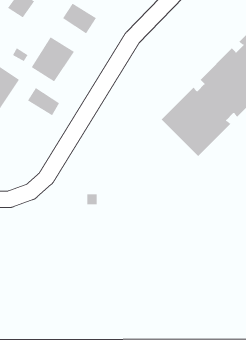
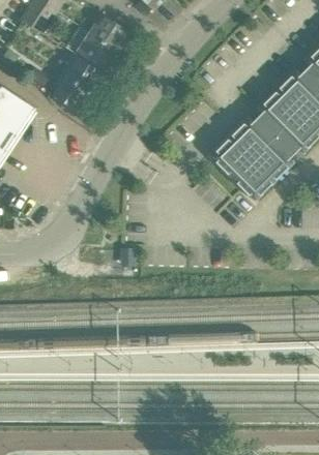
building: none -> [77,34,118,72]
building: [27,87,60,116] -> none

